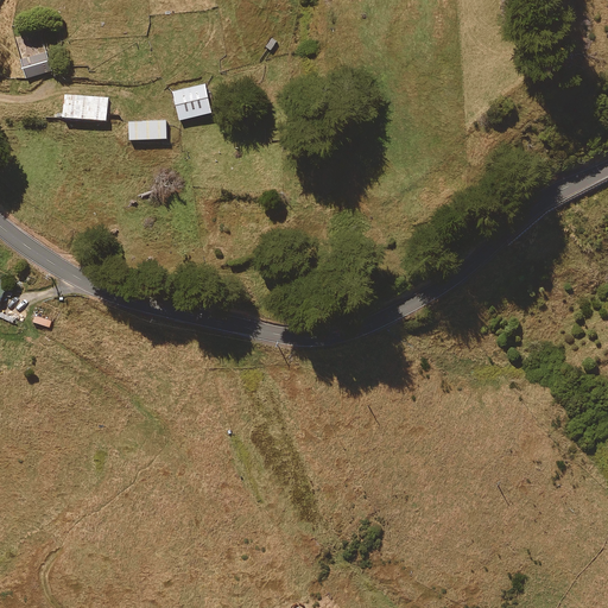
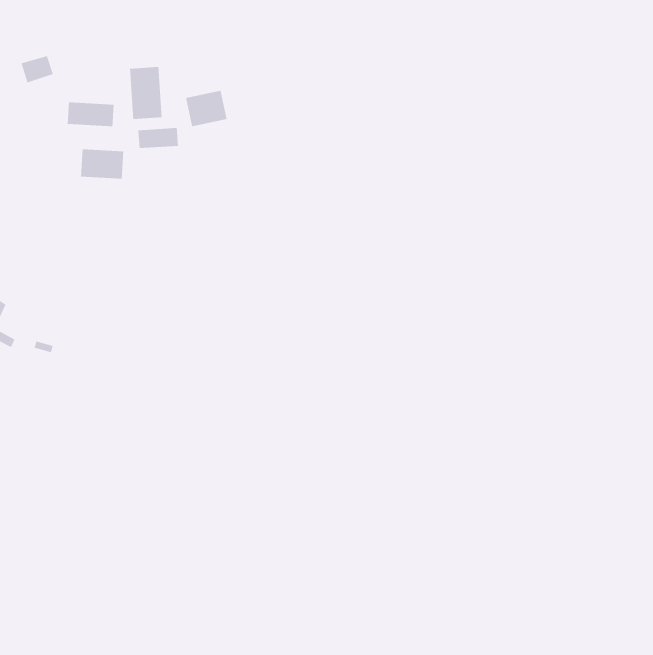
building: none -> [129,66,162,120]
building: none -> [80,148,124,179]

